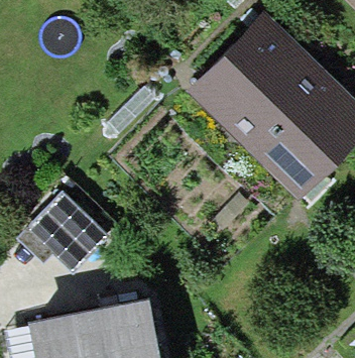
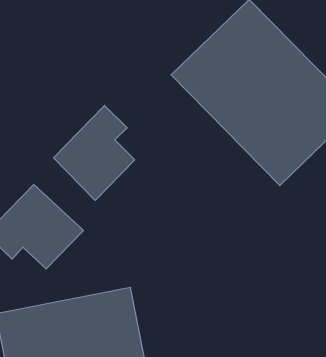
building: none -> [54,105,135,200]

